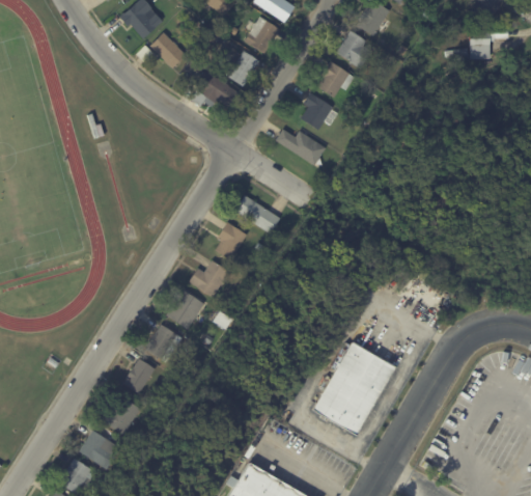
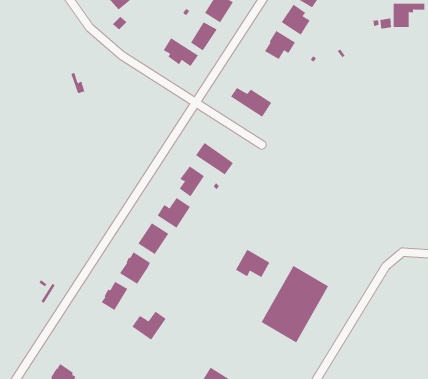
building: [150,33,186,68] -> none
building: [301,92,340,131] -> none
building: none -> [235,249,270,278]
building: [99,399,140,435] -> [132,311,166,341]
building: [79,430,120,468] -> none

